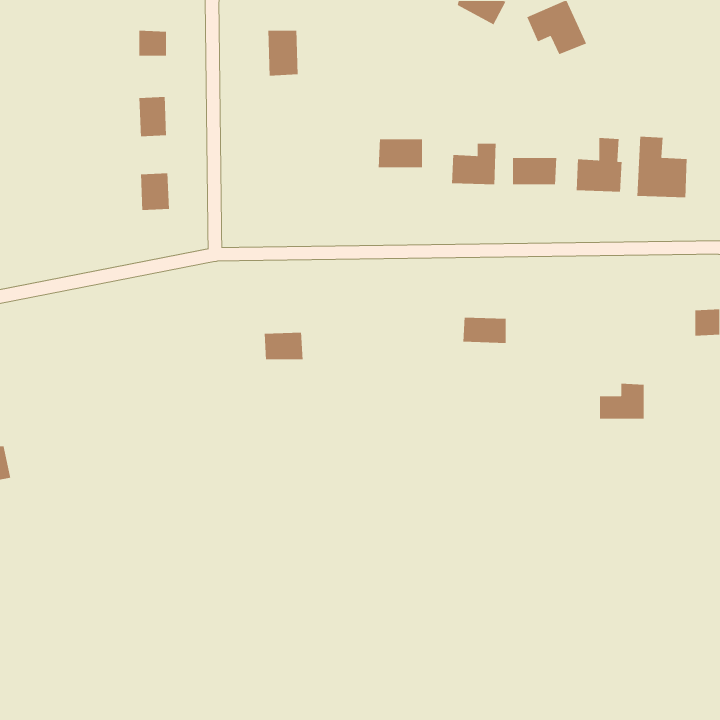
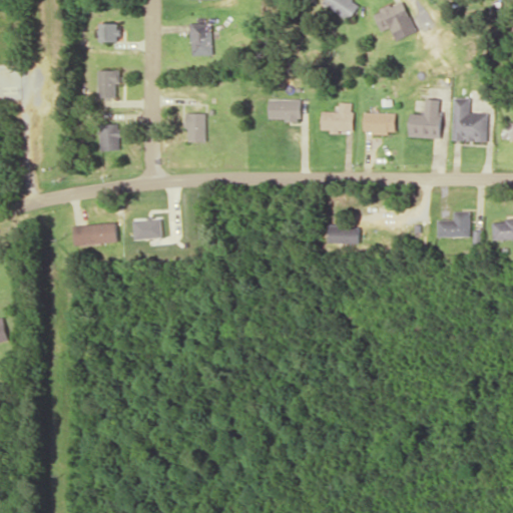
building: none -> [186,113,206,142]
building: none -> [74,223,117,246]
building: [264,332,303,360] -> [133,219,161,239]
building: [599,383,645,420] -> [438,211,470,237]

